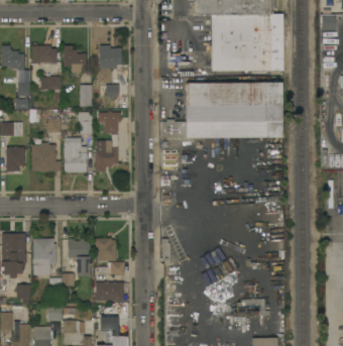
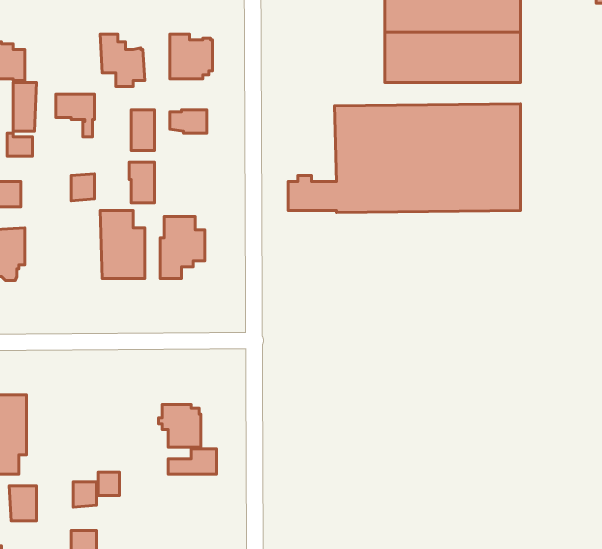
building: [32,45,56,64] -> none
building: [98,110,122,133] -> none
building: [31,142,61,171] -> none
building: [33,238,55,274] -> none
building: [68,239,90,276] -> none
building: [94,281,123,301] -> none

